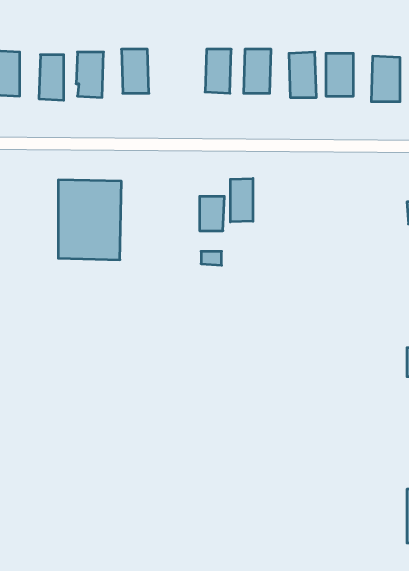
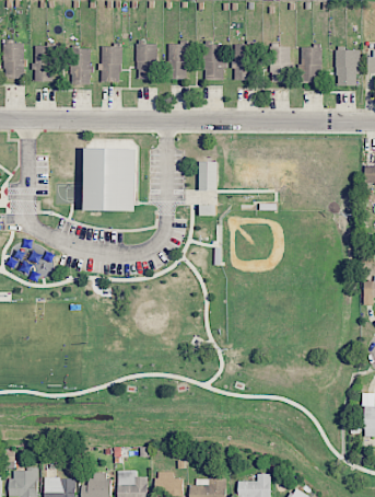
building: none -> [166,44,187,79]
building: [230,178,253,222] -> none

